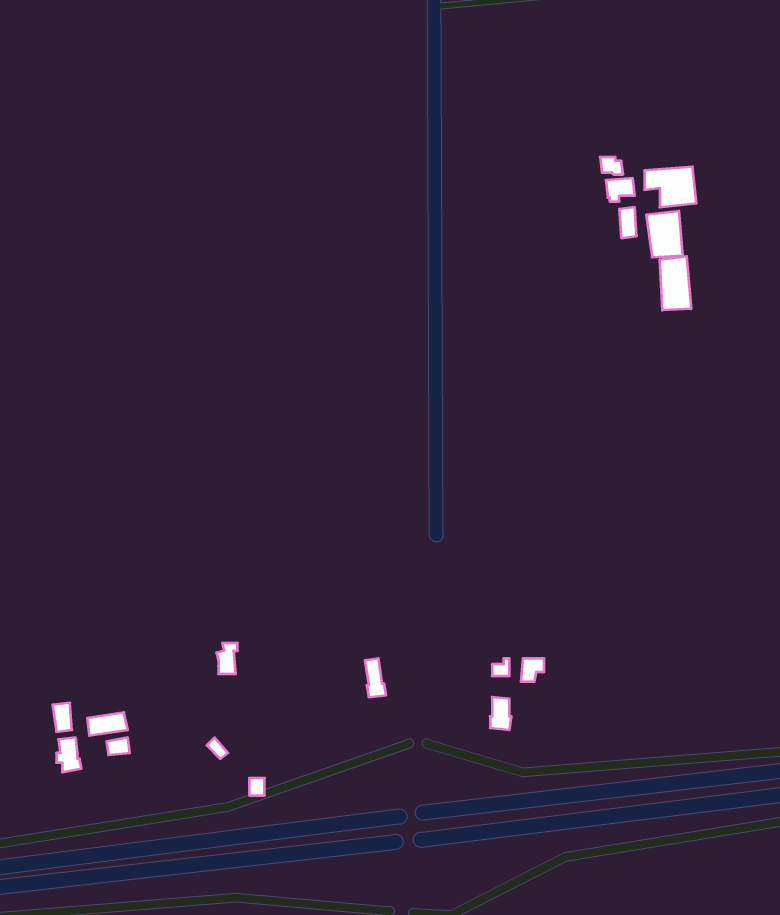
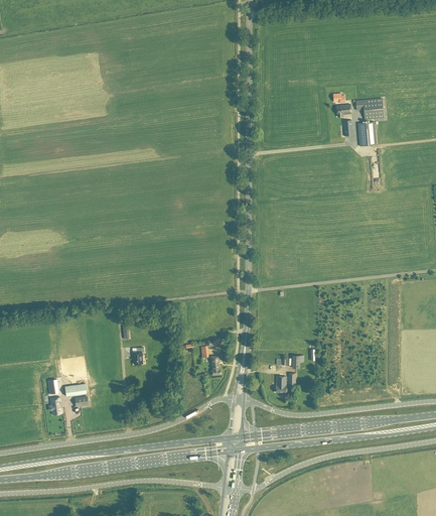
building: [660,256,691,310] -> none

